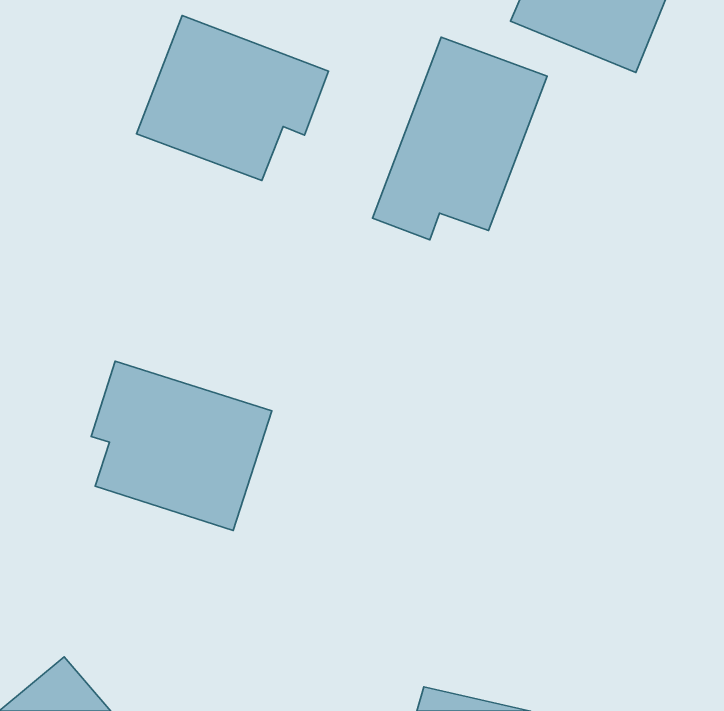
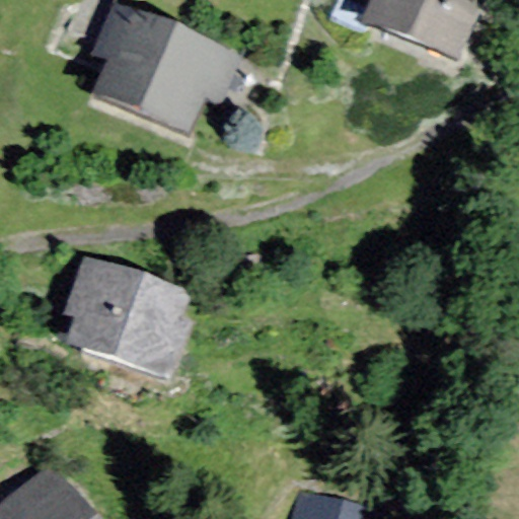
building: [373,37,547,240] -> none

